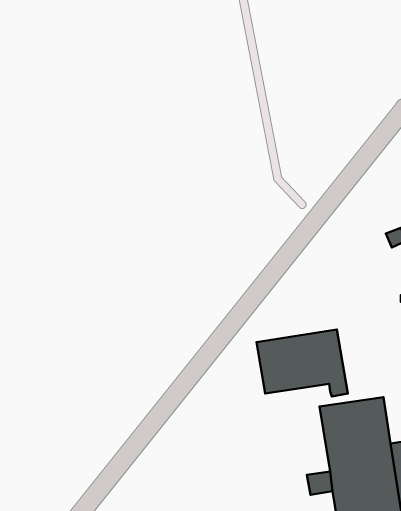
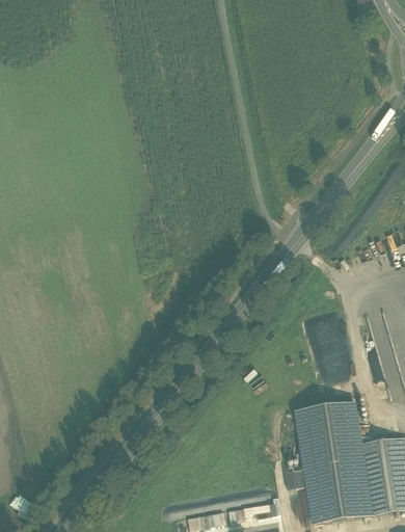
building: [257,330,348,396] -> none

